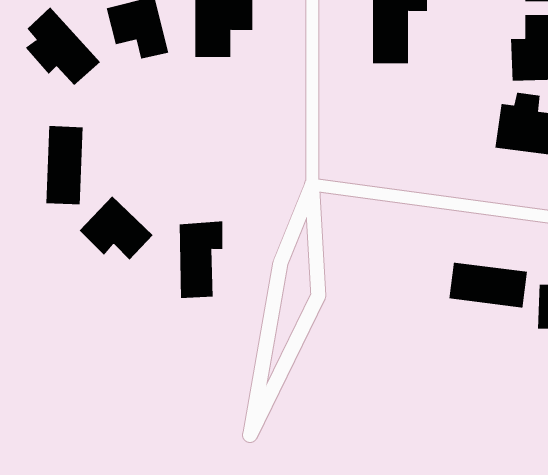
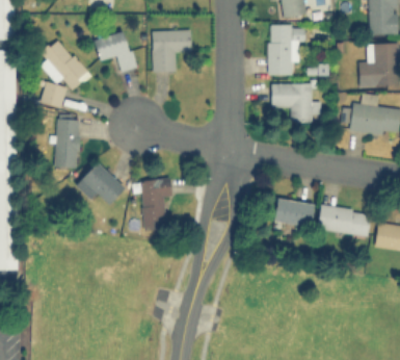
building: none -> [41,82,65,108]
building: none -> [271,83,319,124]
building: none -> [273,199,314,228]

